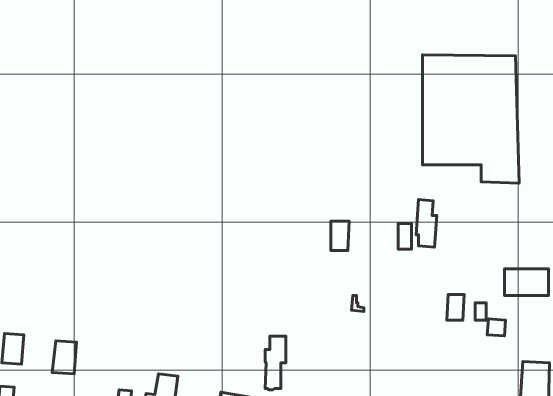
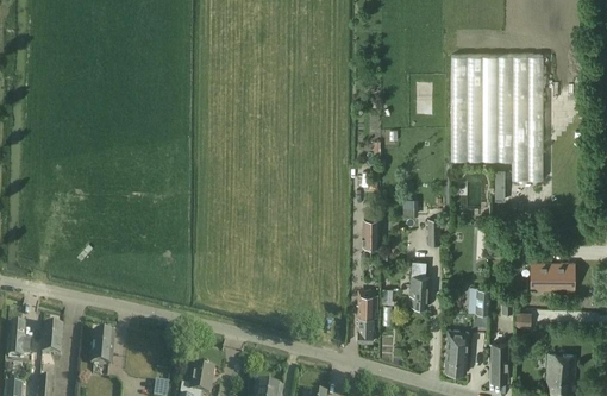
building: [416,200,437,247] -> [409,260,430,307]
building: [265,336,286,390] -> [357,290,377,342]
building: none -> [444,329,469,372]
building: none -> [490,342,507,381]

